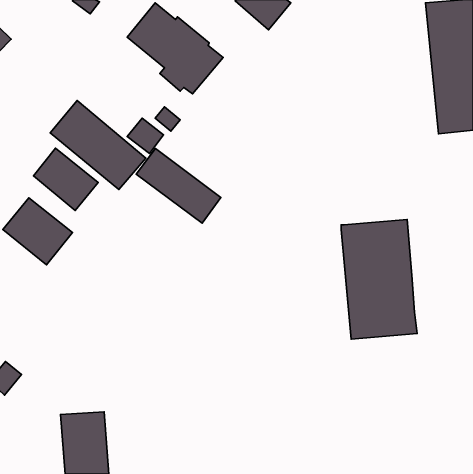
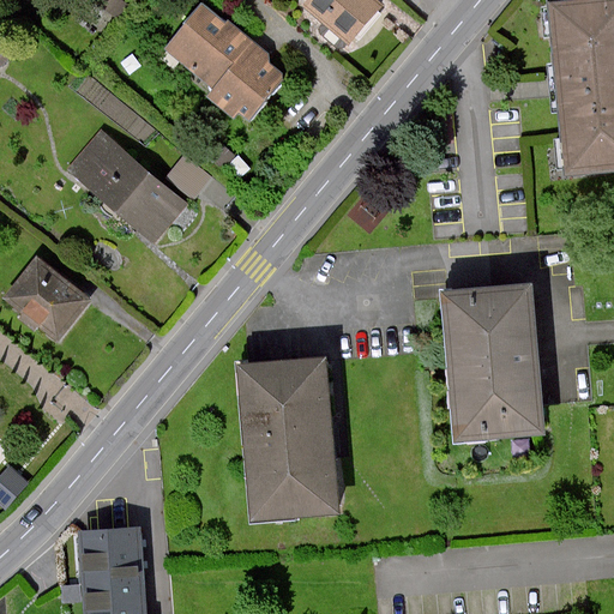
building: [34,148,98,210] -> none
building: [136,148,221,223] -> none
building: none -> [237,355,339,520]

